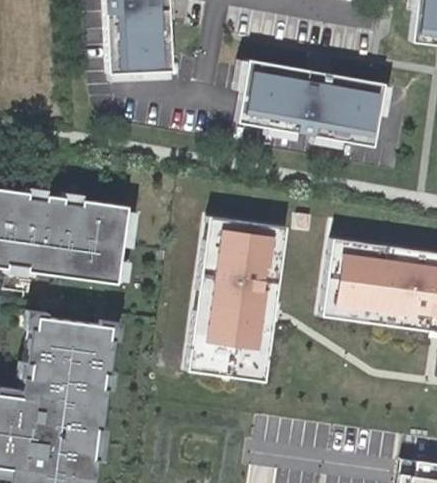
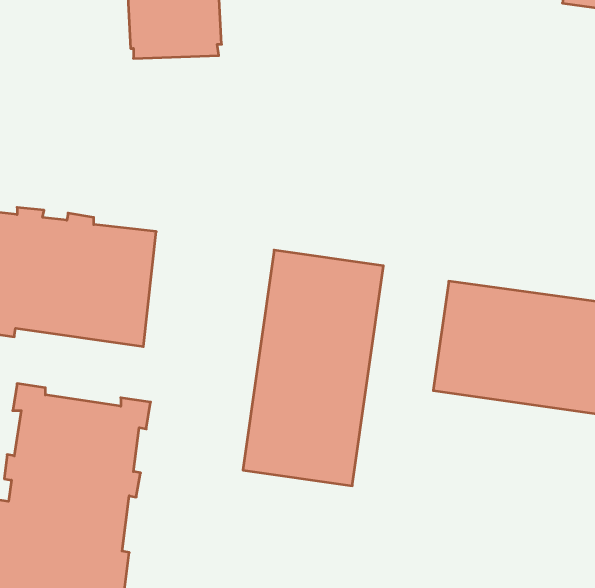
building: [235,60,389,151] -> none

